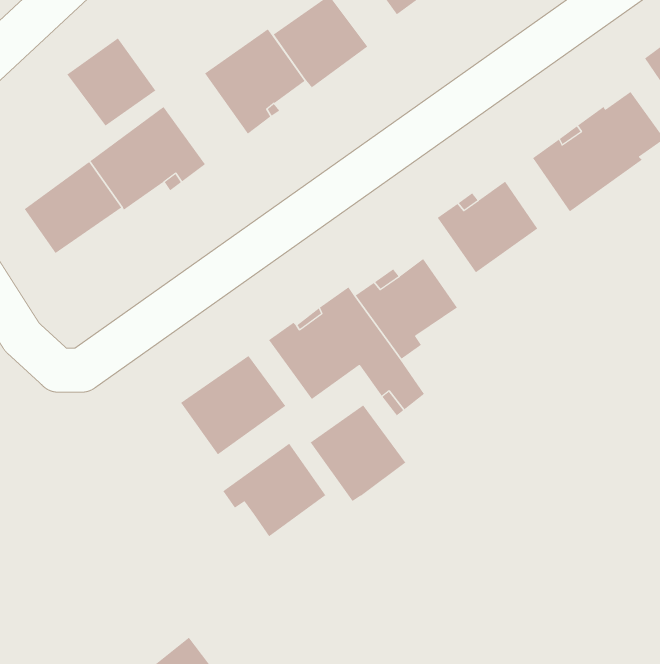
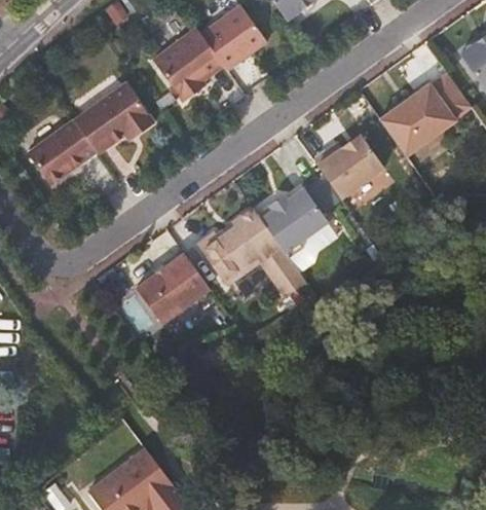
building: [67,37,156,126] -> none
building: [310,404,406,502] -> none
building: [222,443,326,537] -> none

